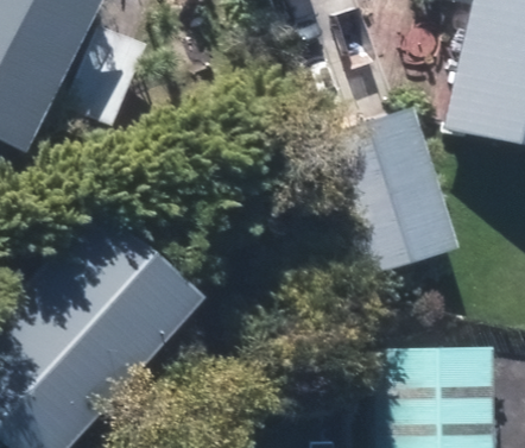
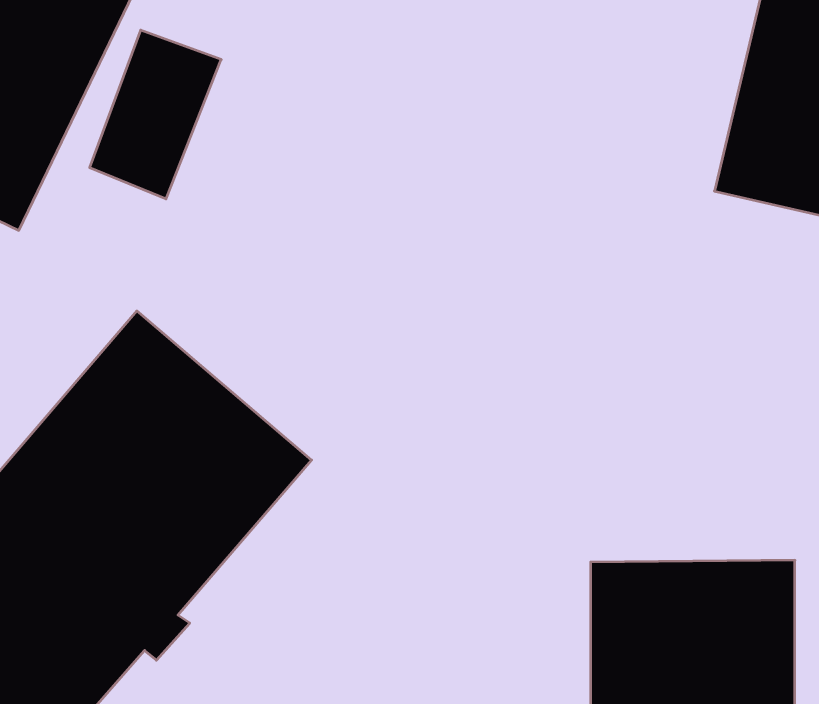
building: [315,112,462,285] -> none

